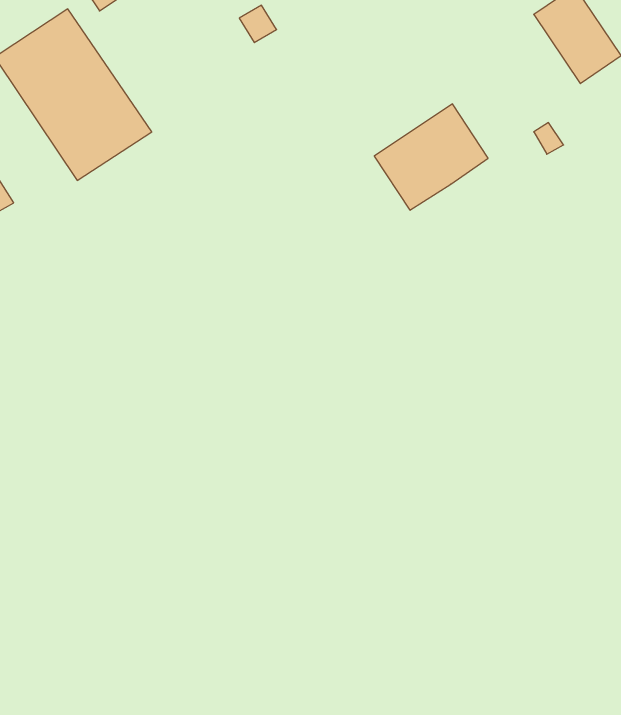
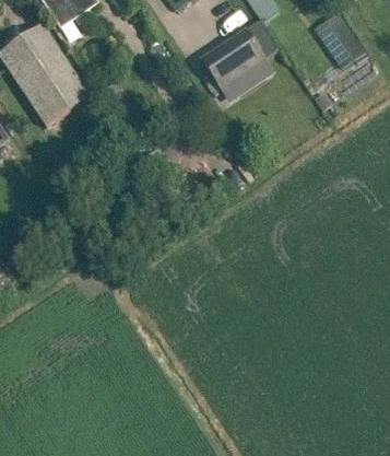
building: [374,104,488,210] -> [201,26,268,89]

